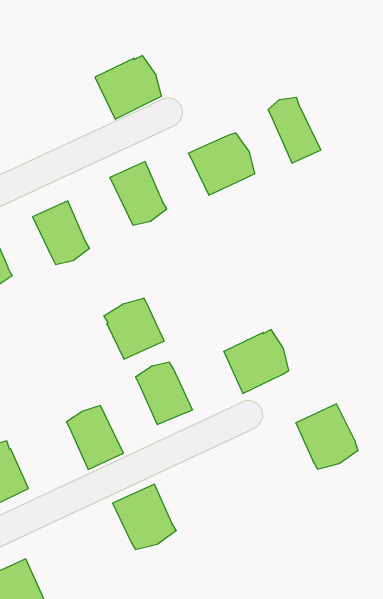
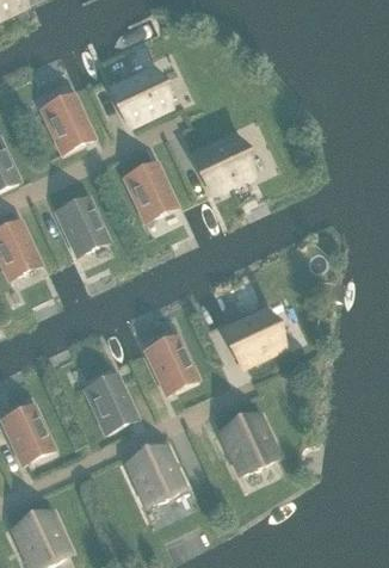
building: none -> [43,97,93,152]
building: [268,97,321,163] -> none
building: [104,298,164,359] -> none
building: [296,404,358,469] -> [221,414,276,471]

